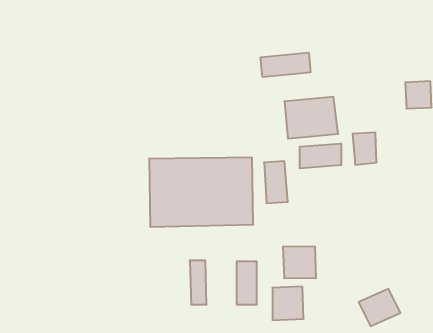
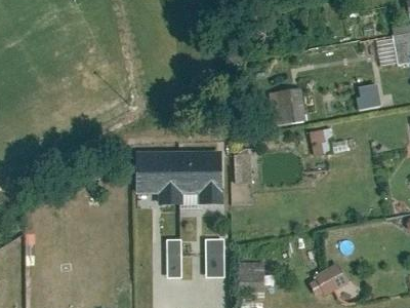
building: [261,53,311,77] -> none
building: [300,143,341,168] -> none
building: [283,246,316,278] -> none

